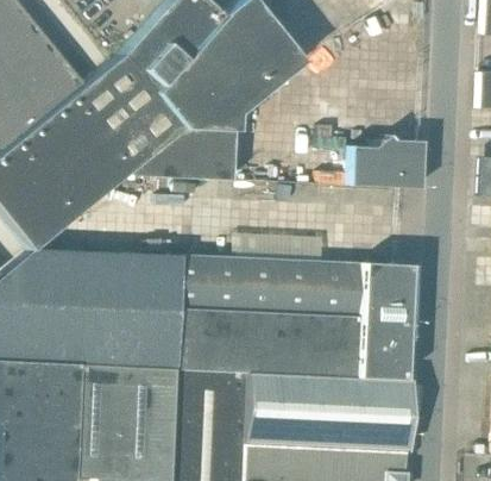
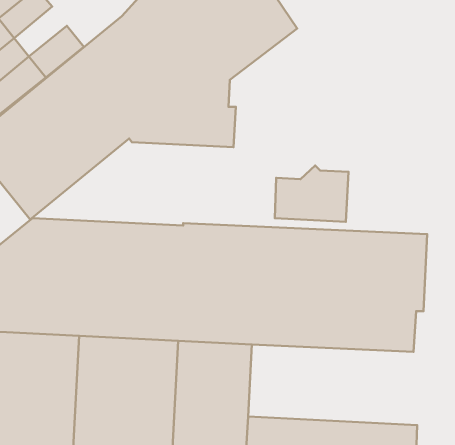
building: [18,44,69,93] -> none
building: [352,135,423,189] -> [275,166,348,222]
building: [245,373,413,451] -> none

